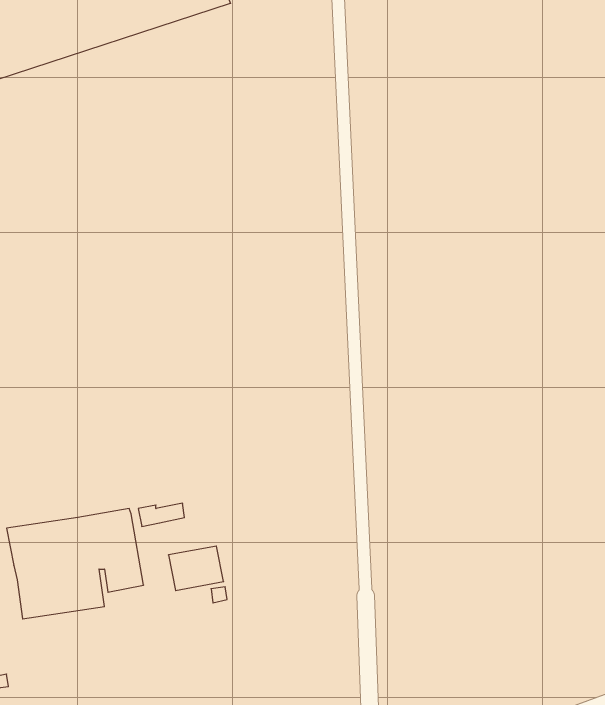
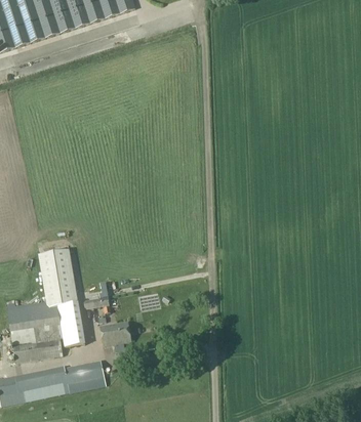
building: none -> [38,249,76,304]
building: none -> [13,360,105,402]

